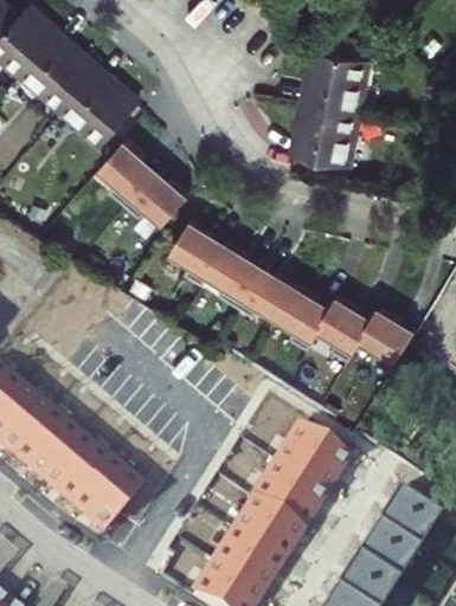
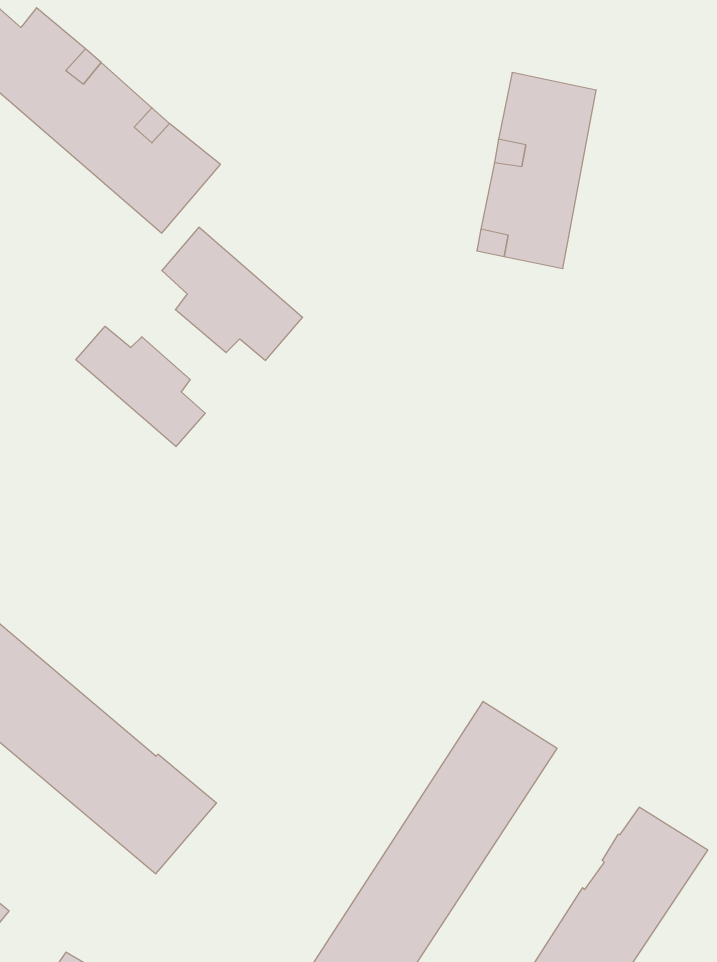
building: none -> [76,326,205,447]
building: [174,220,417,373] -> none

